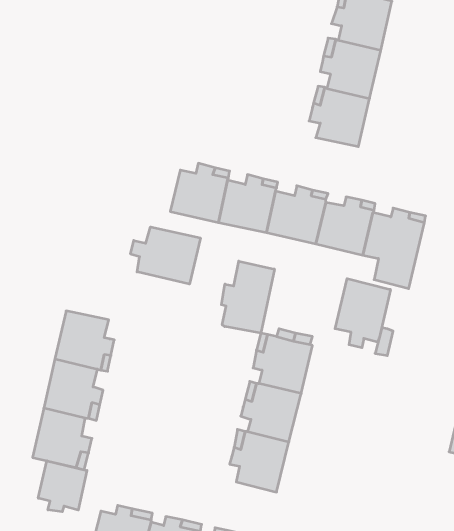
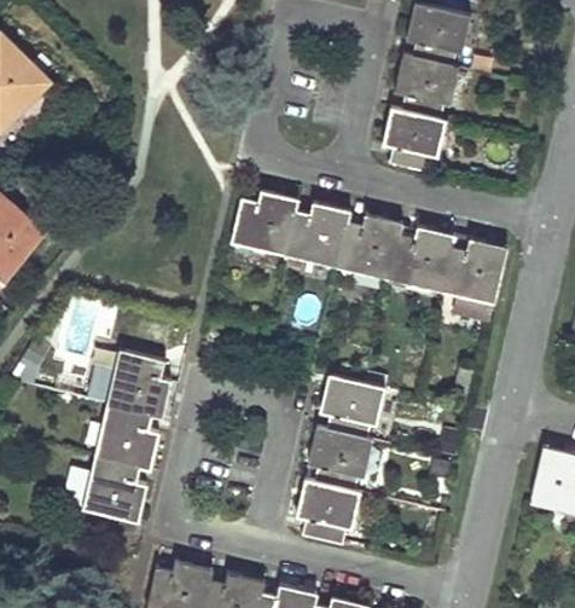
building: [131,227,200,284] -> none
building: [221,261,274,333] -> none
building: [335,279,390,348] -> none
building: [38,461,87,512] -> none

